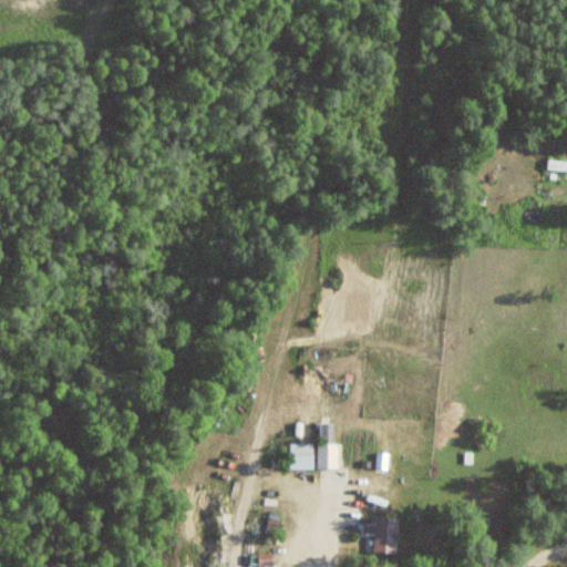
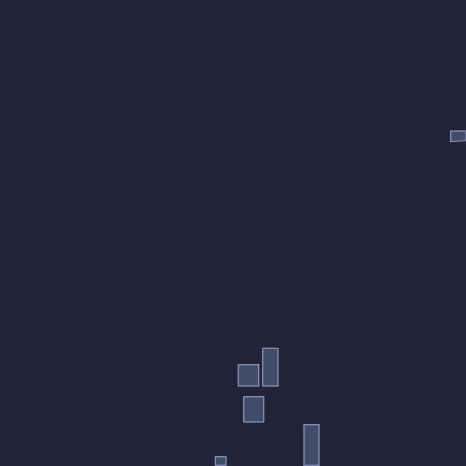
building: none -> [244,397,263,422]

